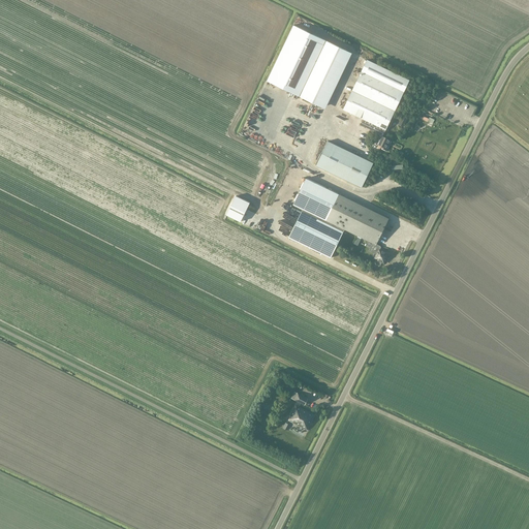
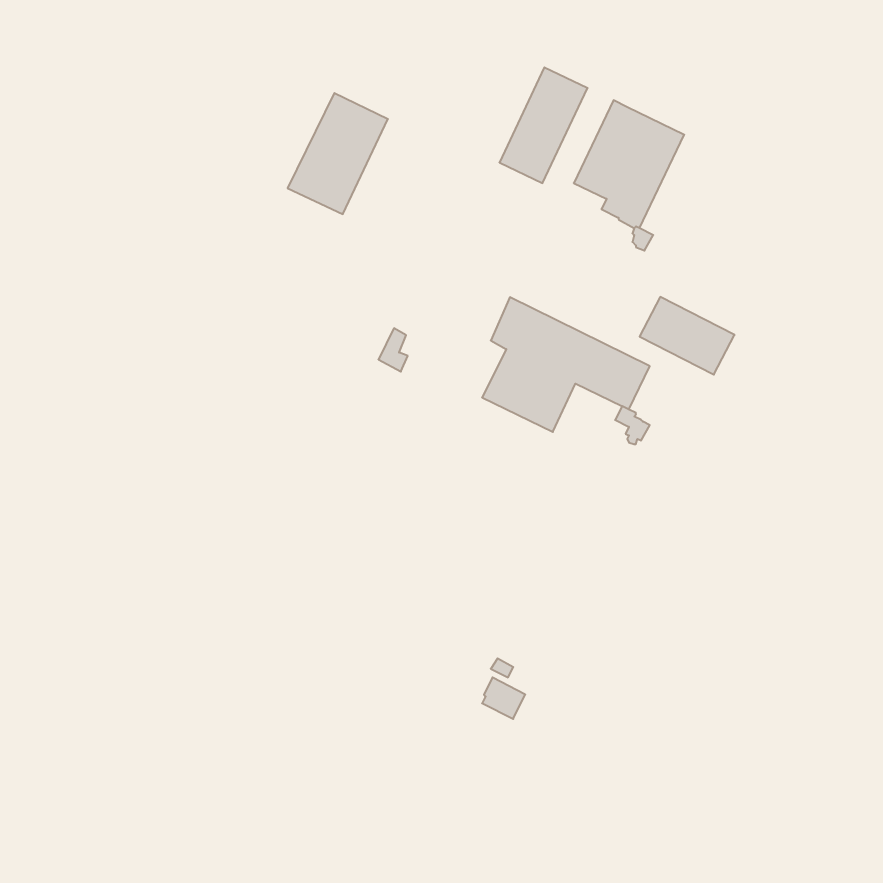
building: [266,25,325,97] -> [288,93,388,214]
building: [317,141,374,187] -> [640,297,735,375]

